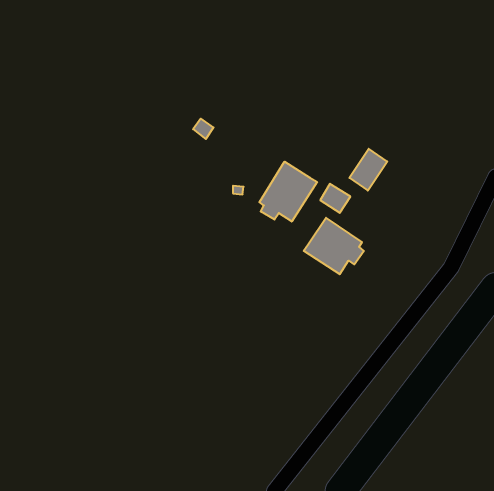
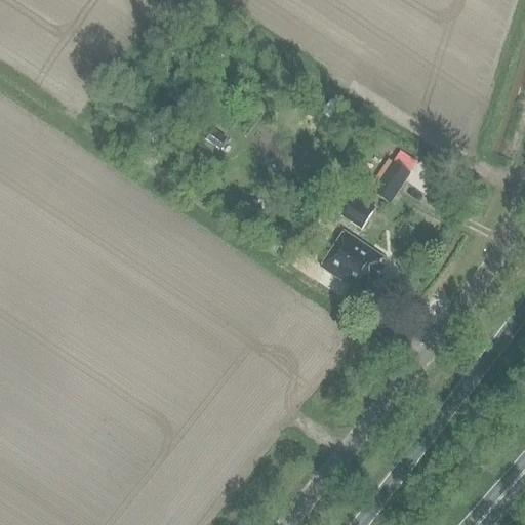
building: [259,162,317,222] -> none

